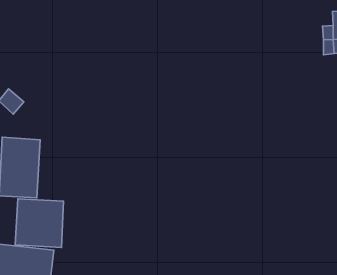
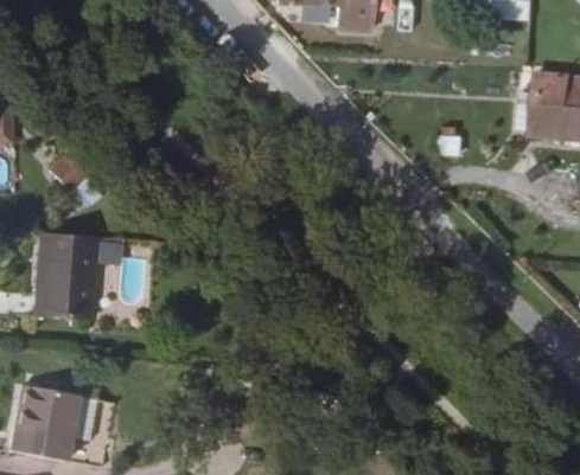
building: [15,199,63,247] -> none

